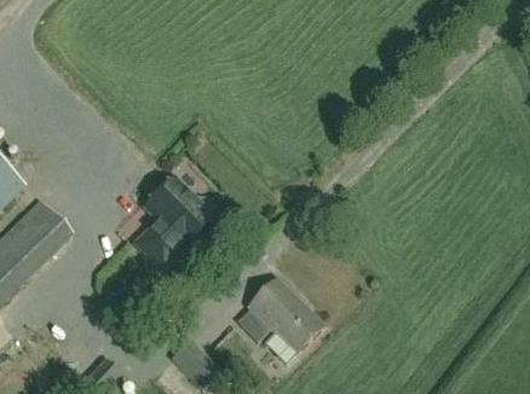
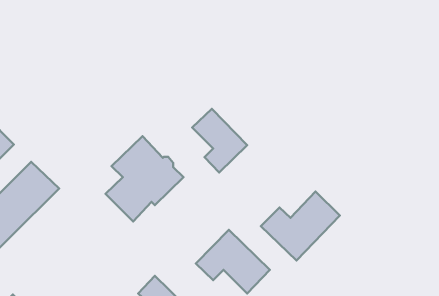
building: none -> [192,109,247,172]
building: none -> [261,191,340,260]

